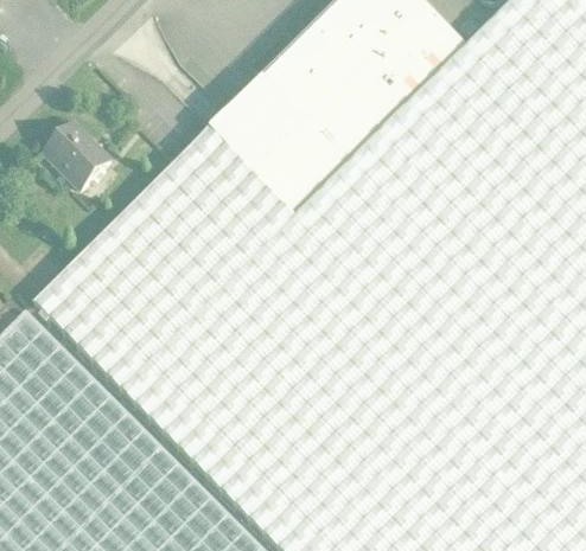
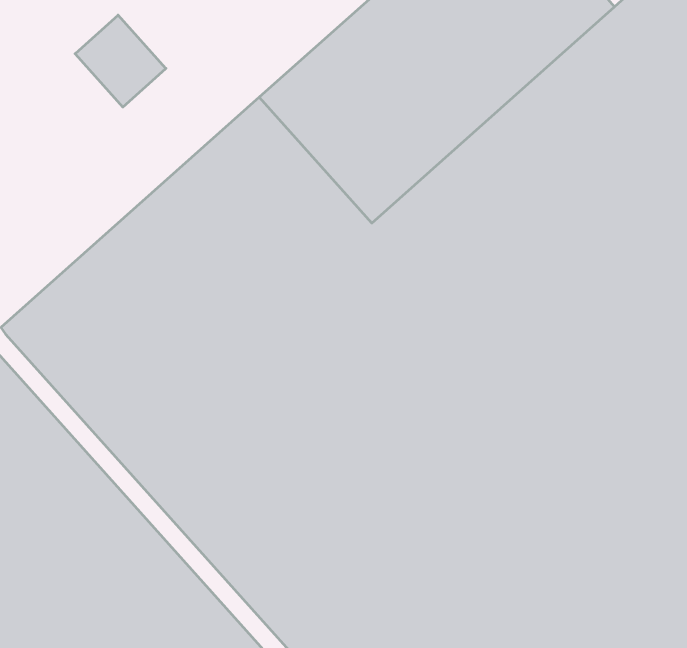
building: [44,129,110,196] -> [75,15,166,107]

